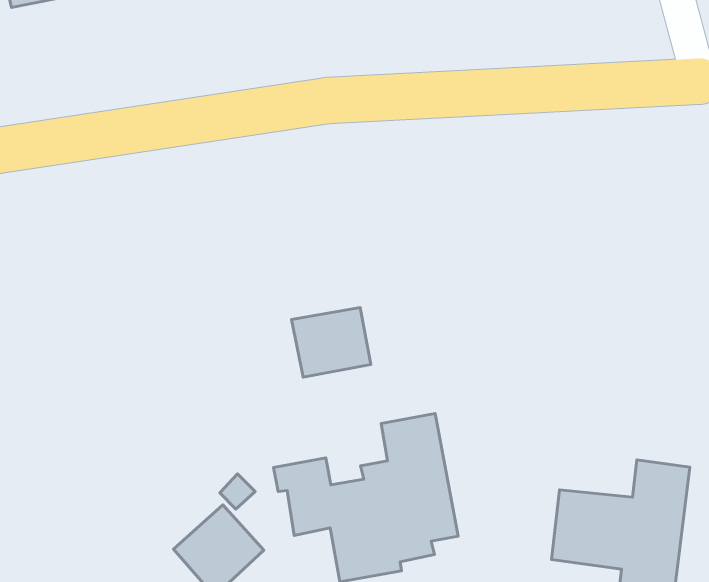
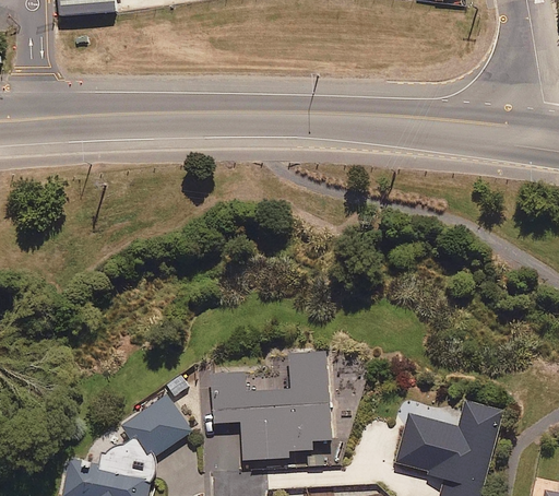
building: [292,308,371,377] -> none

